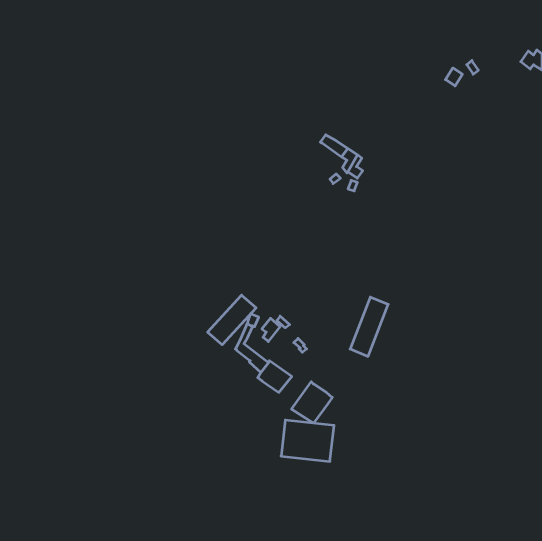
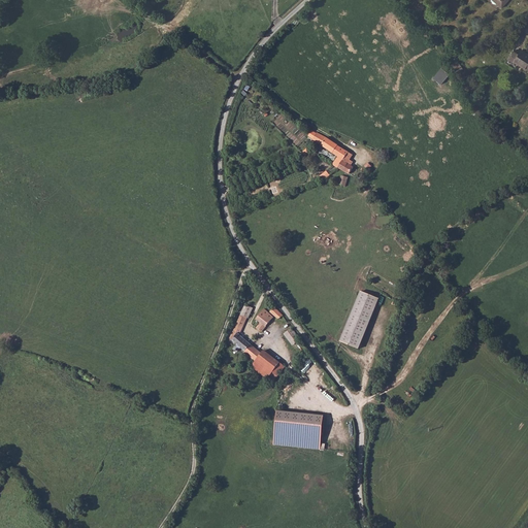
building: [208,295,256,345] -> none
building: [292,382,332,423] -> none

